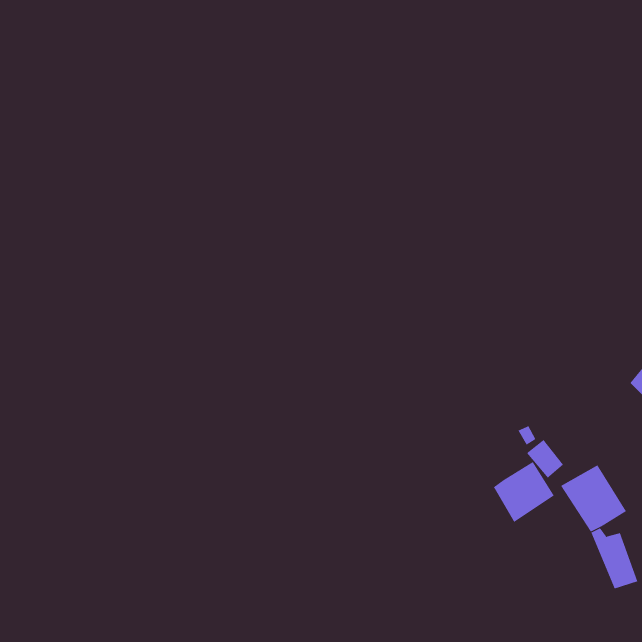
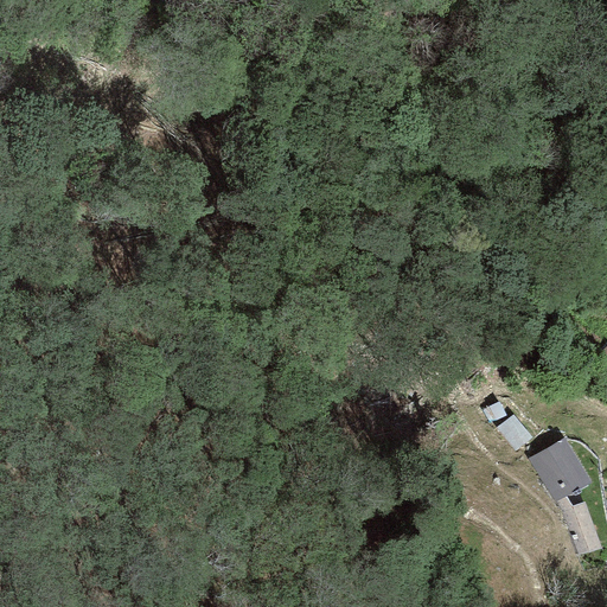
building: [493,461,555,523] -> none

